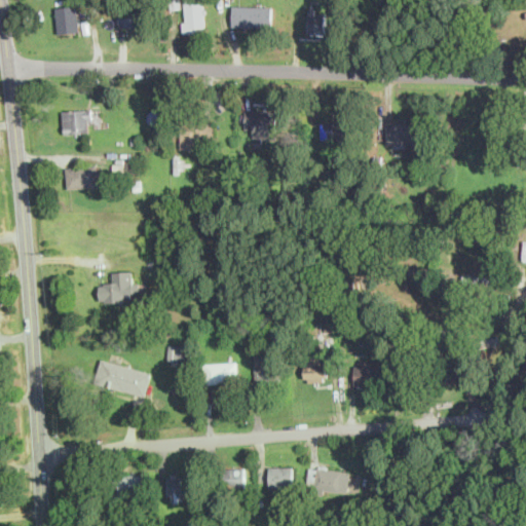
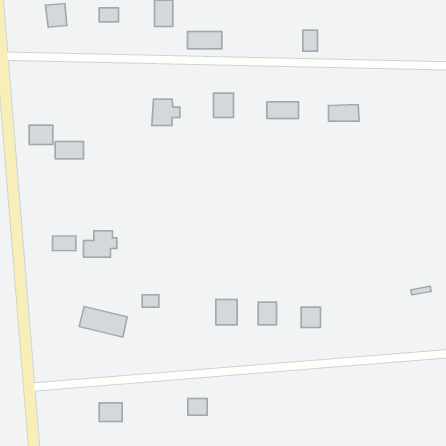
building: [230,7,270,28] -> [188,31,222,49]
building: [306,11,324,36] -> [303,30,318,51]
building: [62,112,89,135] -> [29,125,53,145]
building: none -> [53,236,76,251]
building: [204,365,236,385] -> none
building: [267,468,290,489] -> none
building: [305,468,349,495] -> none
building: [166,476,191,498] -> none

